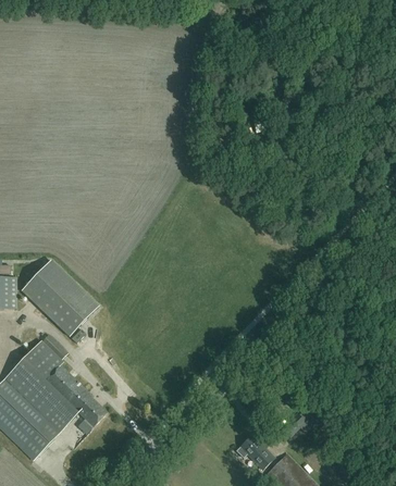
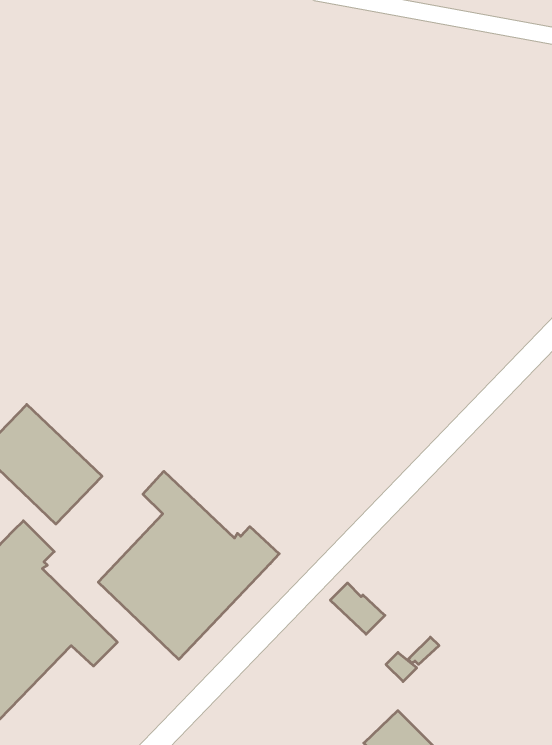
building: none -> [98,471,279,659]
building: [239,436,274,469] -> [330,583,385,634]

